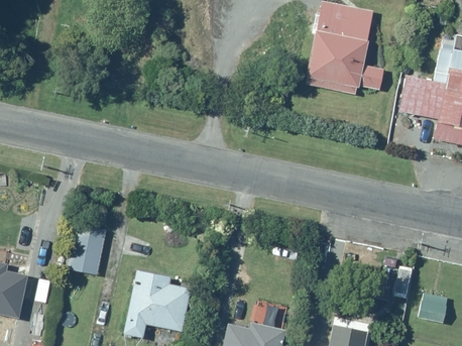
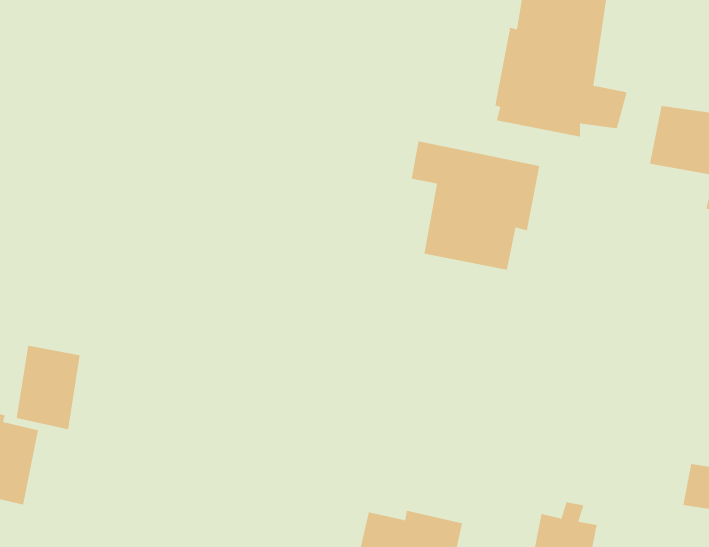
building: none -> [411,141,540,270]
building: [67,224,106,275] -> [16,345,81,430]
building: [122,270,190,338] -> none

